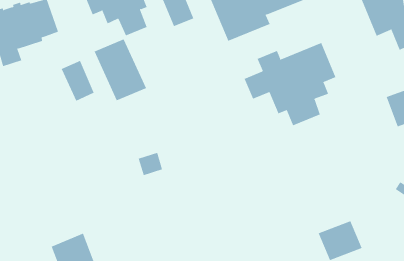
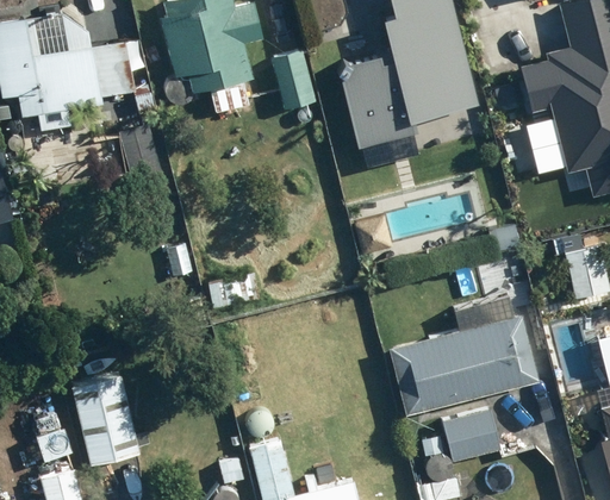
building: [94,38,147,101] -> none
building: [244,42,336,126] -> none
building: none -> [391,315,539,413]

